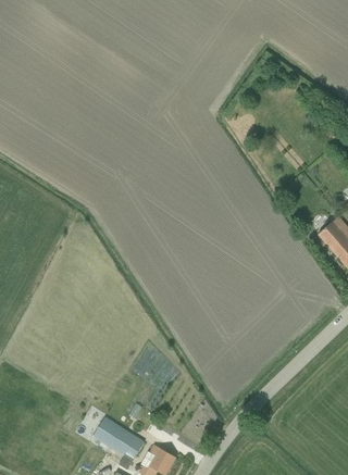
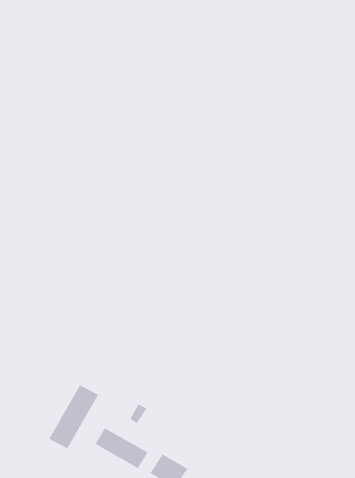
building: none -> [48,384,99,449]

